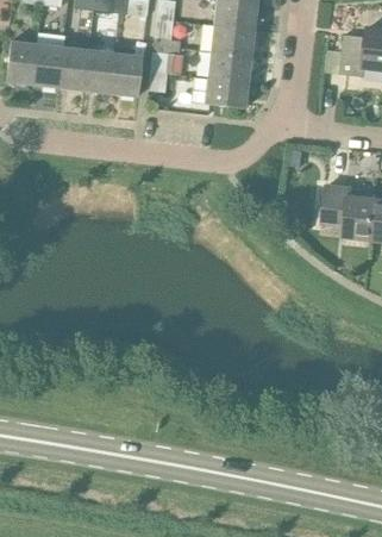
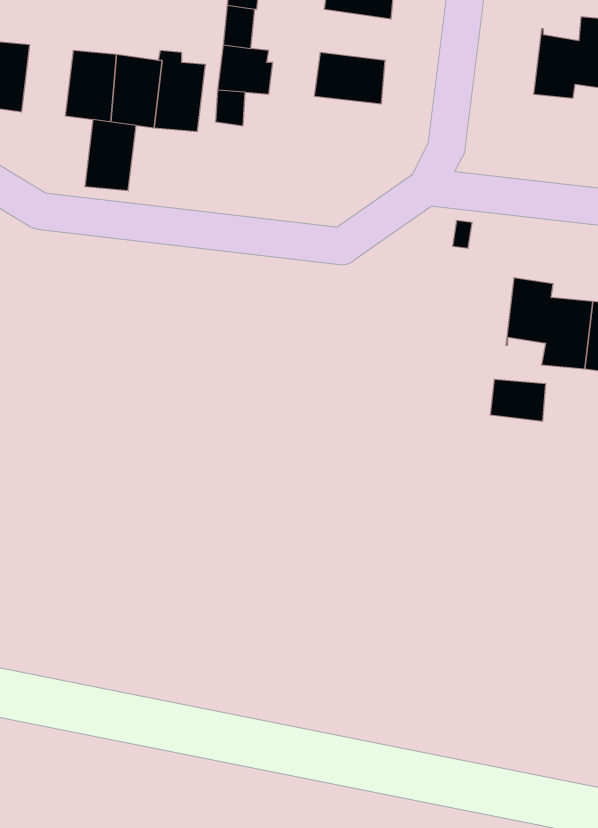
building: [212,23,255,54] -> none
building: [32,44,63,87] -> [85,119,136,191]
building: [205,75,249,108] -> none
building: none -> [490,379,546,421]

